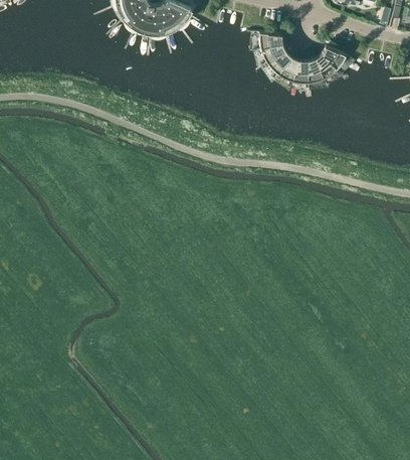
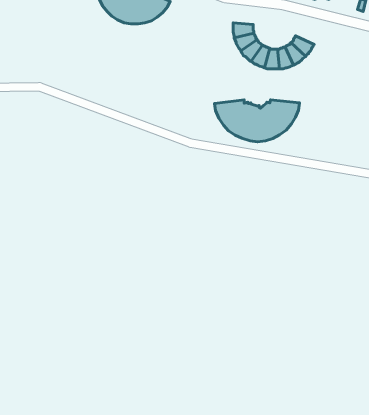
building: none -> [214,100,300,142]

